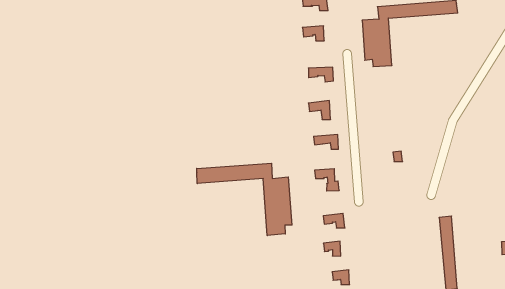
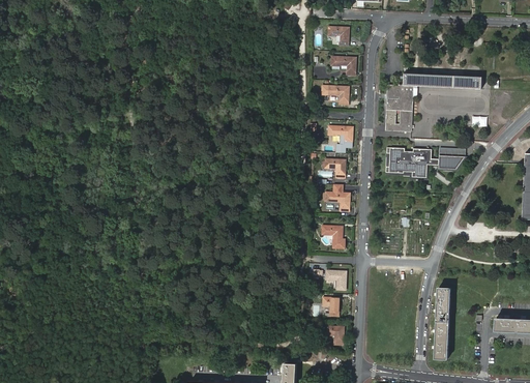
building: none -> [384,147,464,177]
building: [197,163,292,236] -> none

